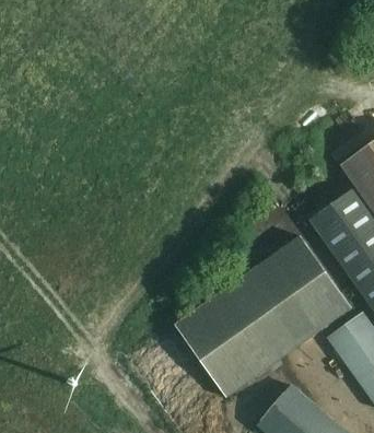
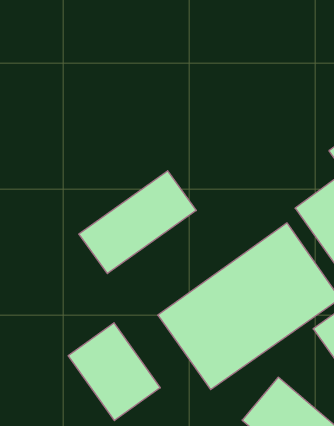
building: none -> [79,171,196,274]
building: none -> [68,323,160,421]

